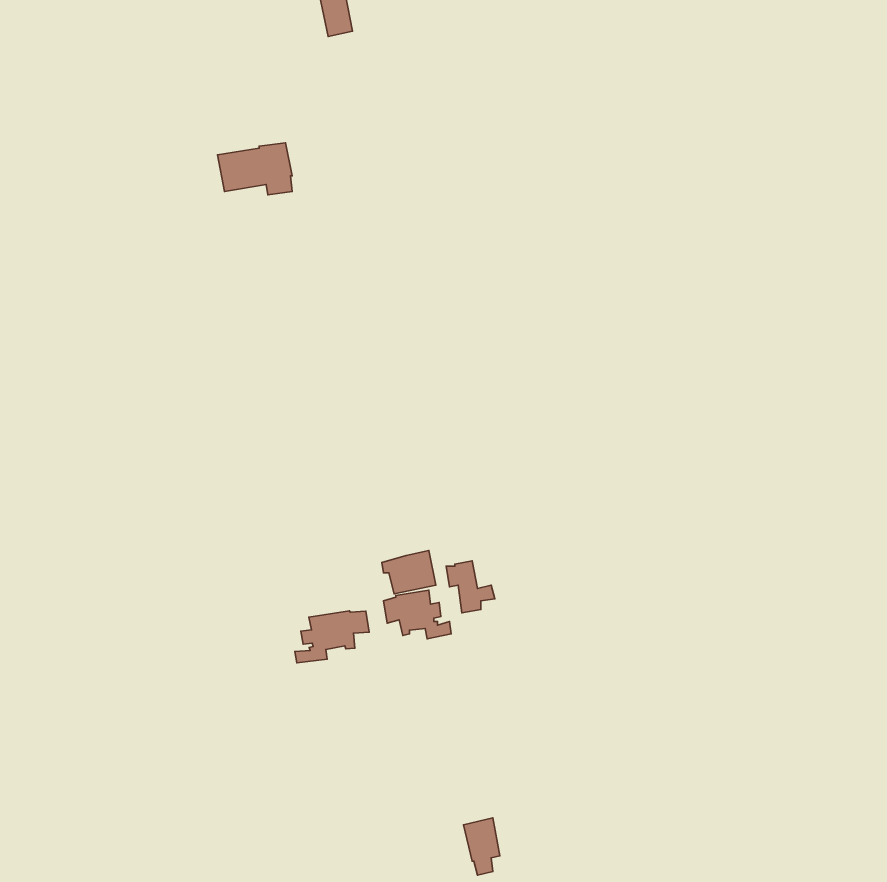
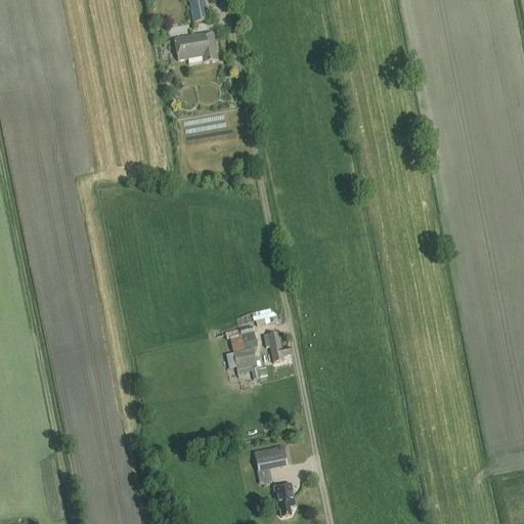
building: [218,143,292,195] -> [173,31,217,61]
building: [295,611,369,663] -> none
building: none -> [254,445,288,470]

